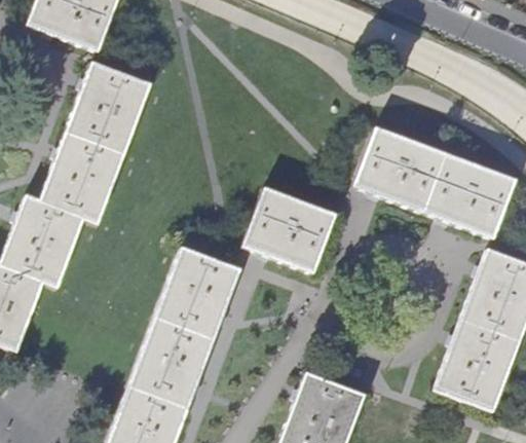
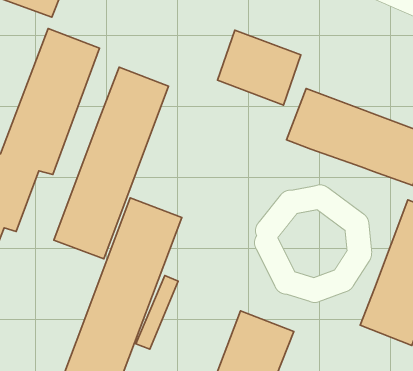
building: none -> [217,30,301,105]
building: none -> [54,67,168,259]
building: [243,190,333,271] -> none

